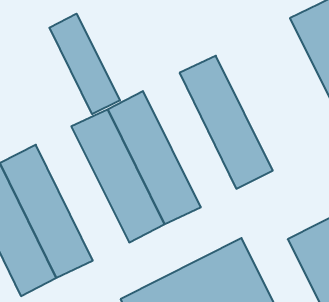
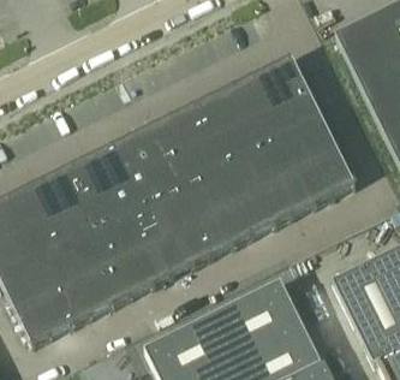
building: [49,14,120,114] -> none
building: none -> [251,53,356,202]
building: none -> [169,93,274,243]
building: none -> [49,153,154,303]

